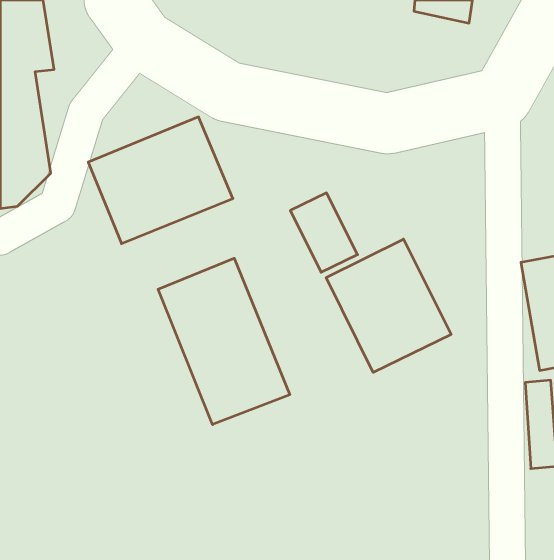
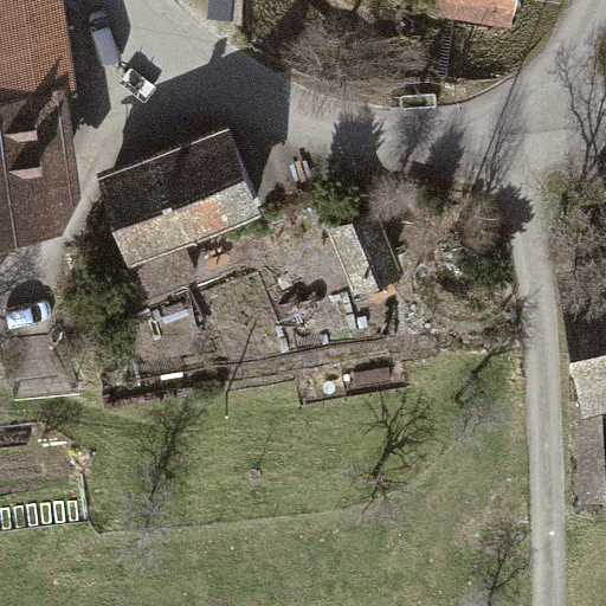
building: [326,239,451,372] -> none
building: [158,258,290,425] -> none

